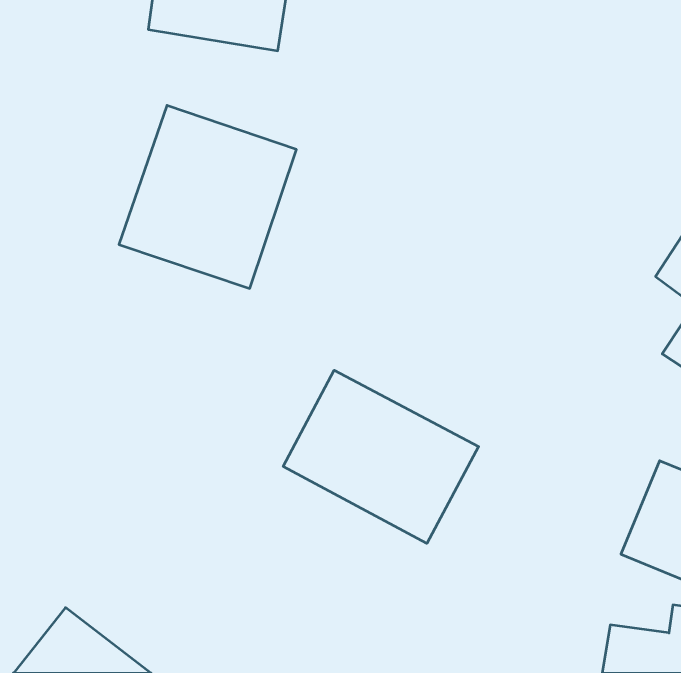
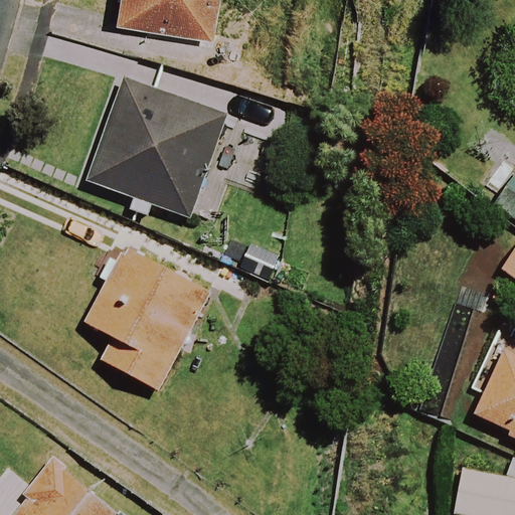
building: none -> [87,247,211,390]
building: [283,370,479,543] -> none

